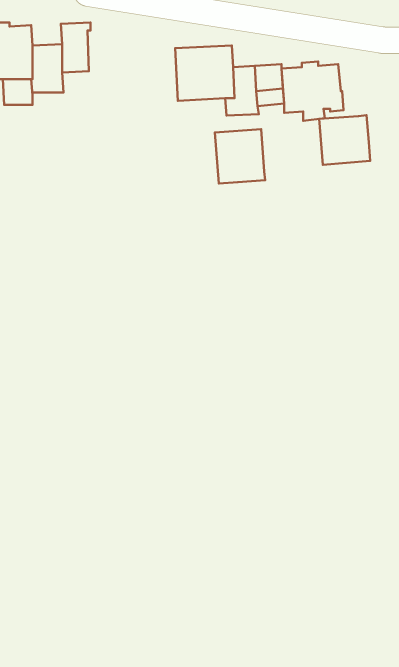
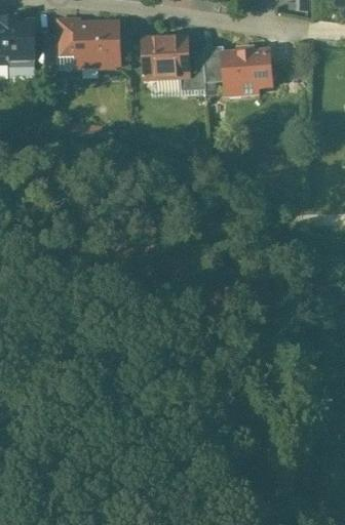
building: none -> [76,24,118,68]
building: [319,115,370,165] -> none
building: [215,129,265,183] -> none

